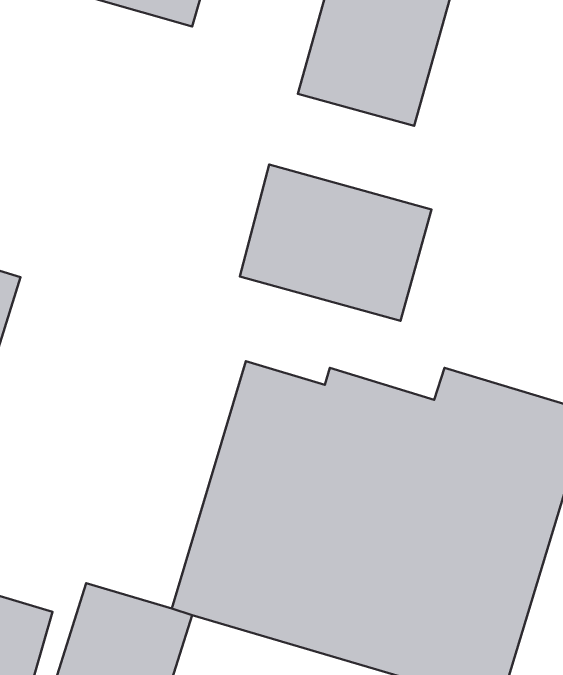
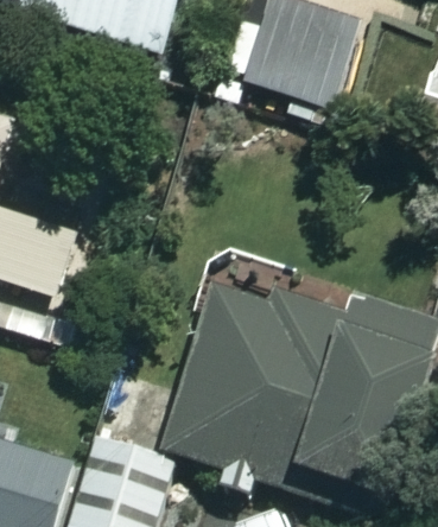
building: [240,165,432,321] -> none

